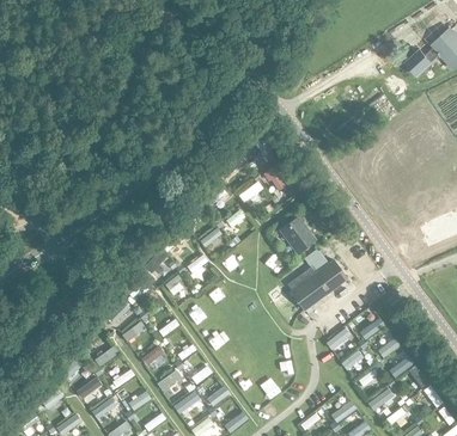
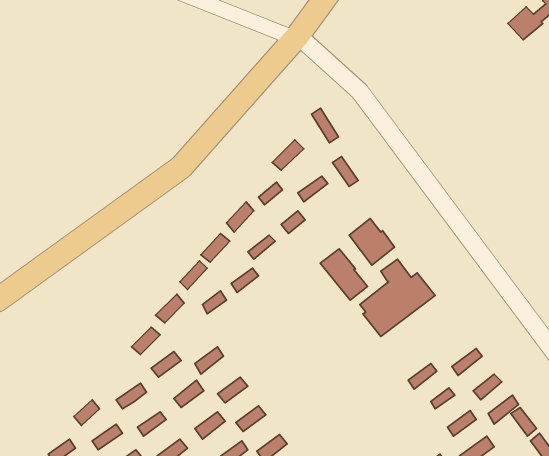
building: none -> [320,249,367,300]

